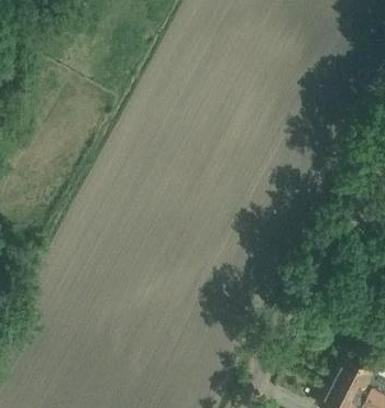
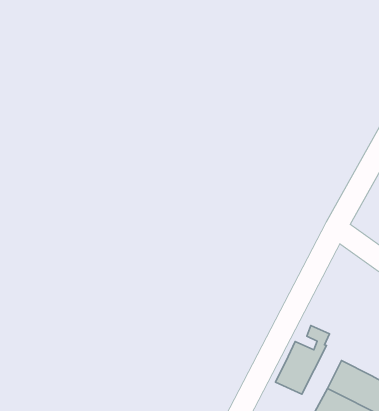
building: none -> [276,325,330,394]

